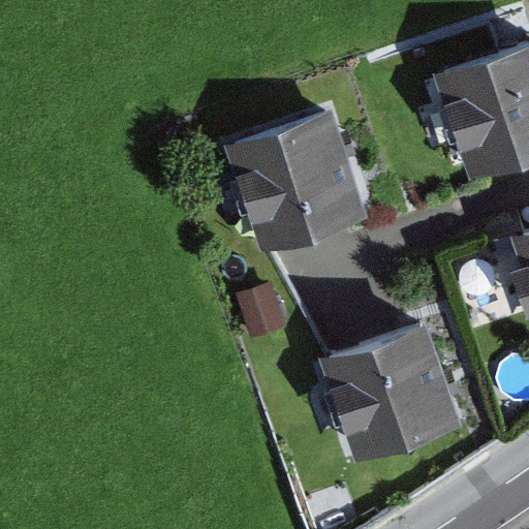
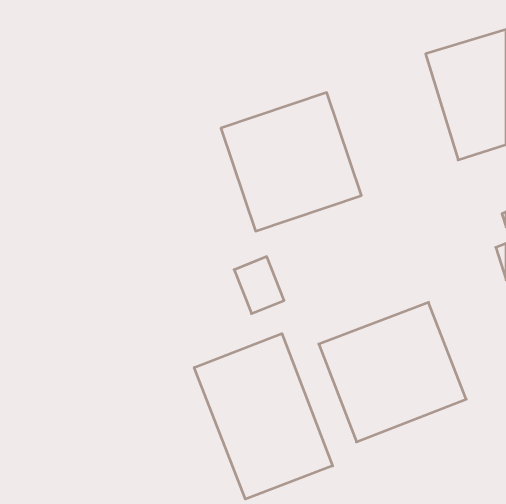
building: none -> [194,334,333,499]

